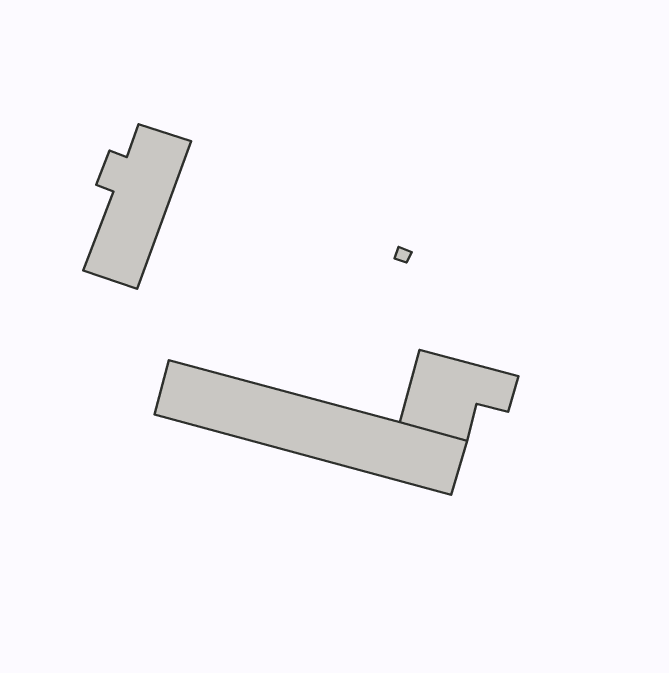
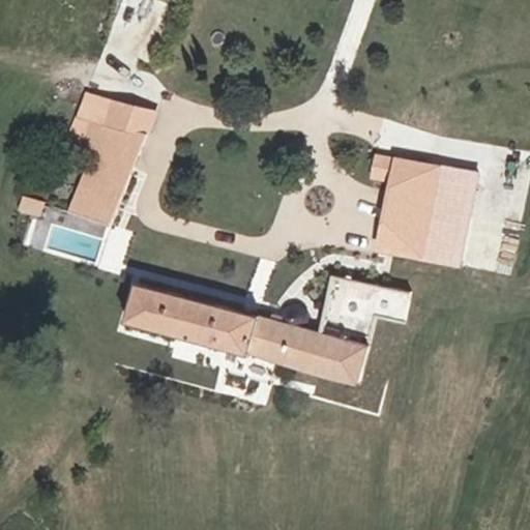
building: none -> [372,149,483,265]

